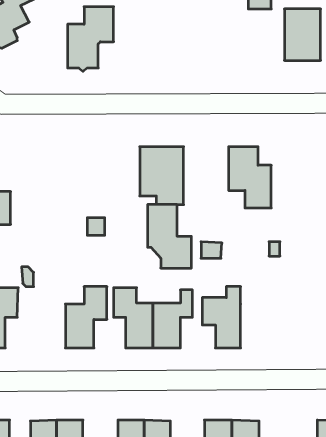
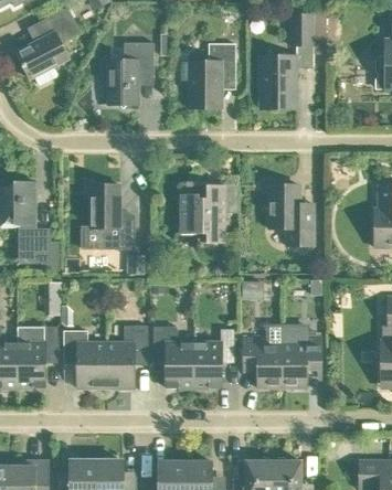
building: none -> [180,43,234,107]
building: [284,9,321,60] -> [259,55,296,107]
building: [148,205,191,268] -> [89,183,134,247]
building: none -> [63,330,105,386]
building: none -> [282,335,320,386]

